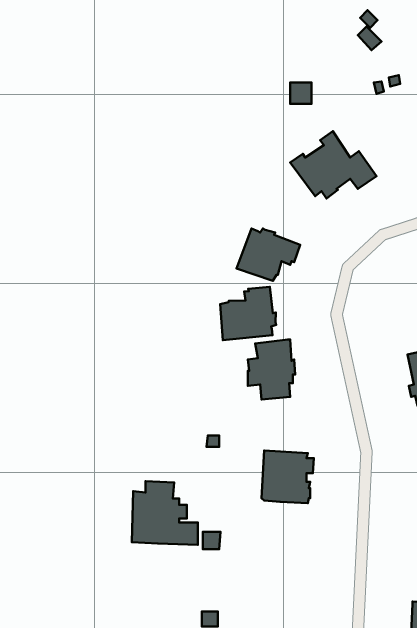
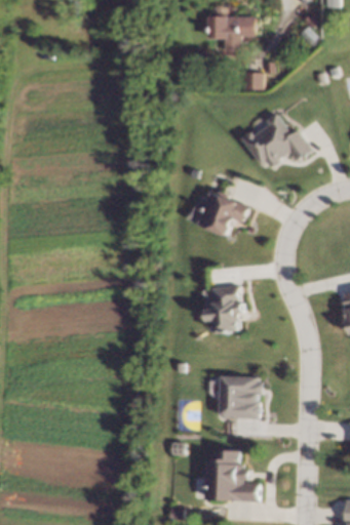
building: none -> [206,15,252,38]
building: [220,287,276,340] -> none
building: [132,481,198,545] -> [203,448,258,500]

